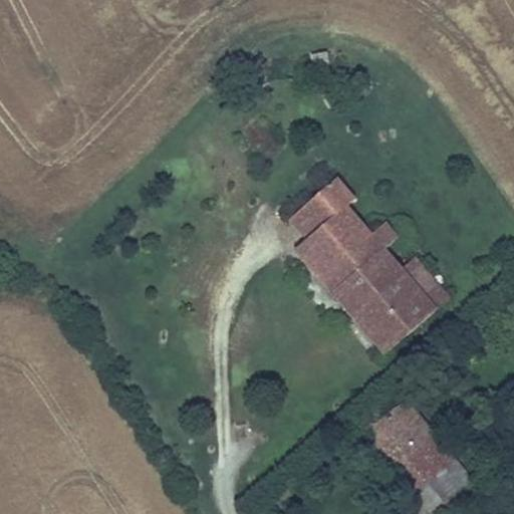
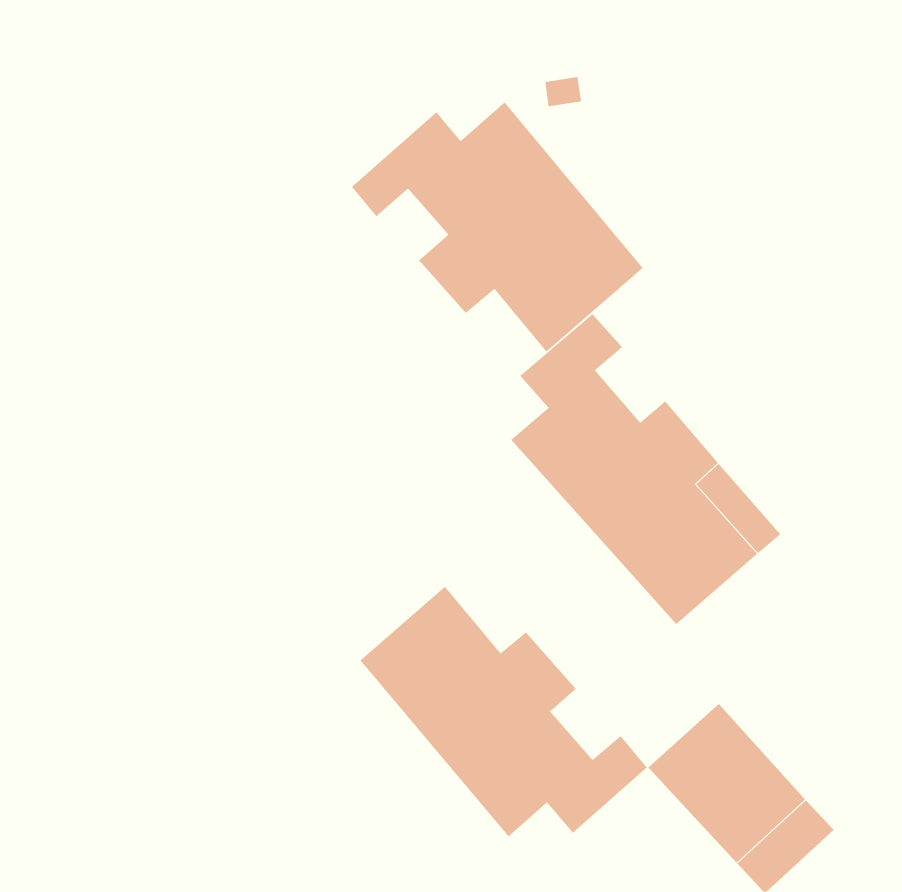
building: none -> [351,102,644,353]
building: none -> [359,586,648,837]

